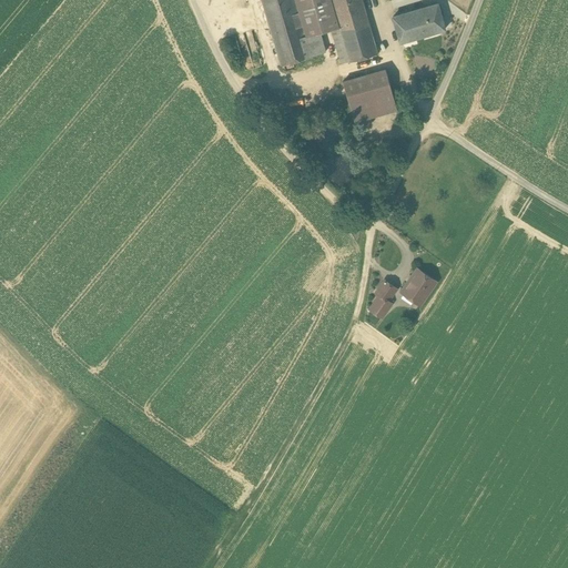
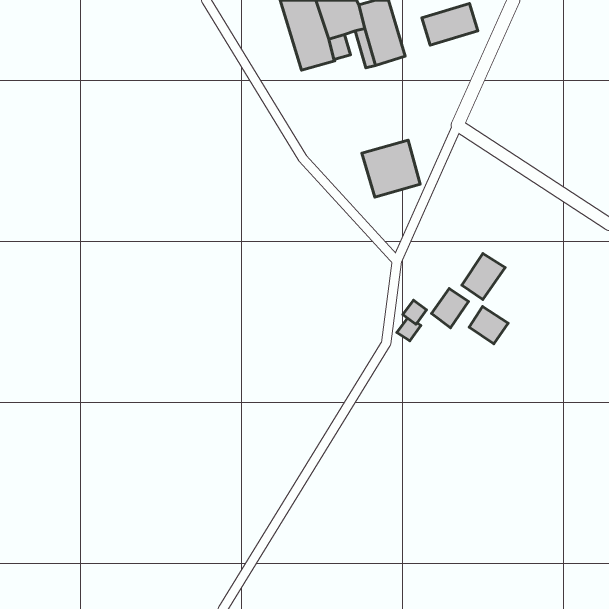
building: [343,69,397,122] -> [362,140,420,197]
building: none -> [462,254,505,300]
building: none -> [469,306,508,344]

